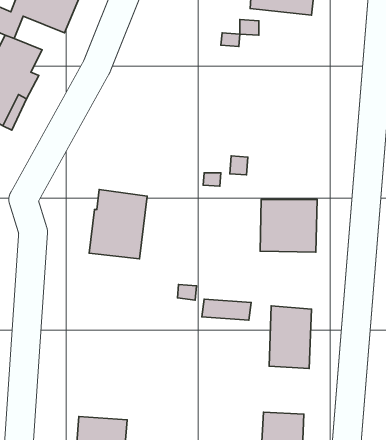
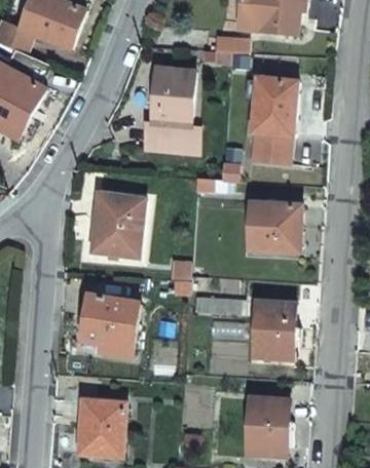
building: none -> [141,68,196,151]
building: none -> [253,78,296,162]
building: none -> [81,296,137,356]

